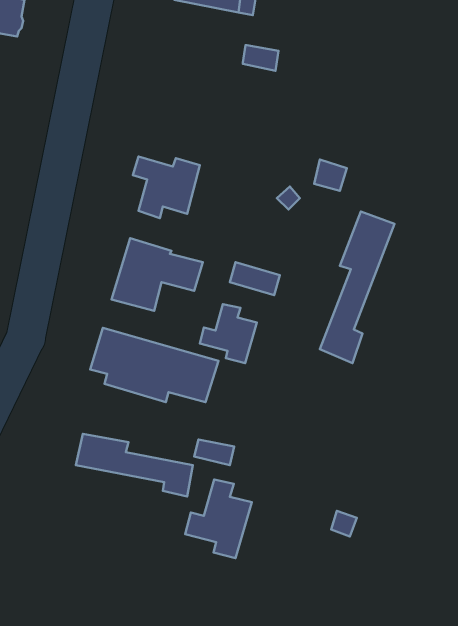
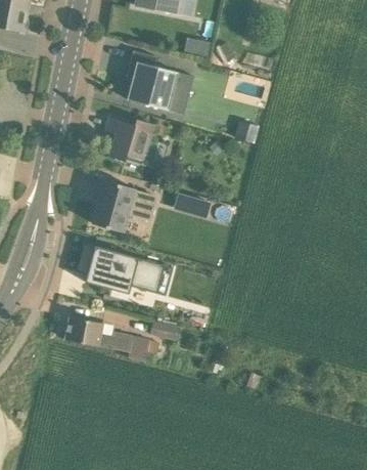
building: none -> [126,51,193,114]
building: [320,211,394,363] -> none
building: [200,304,257,363] -> none
building: [185,480,252,558] -> none

